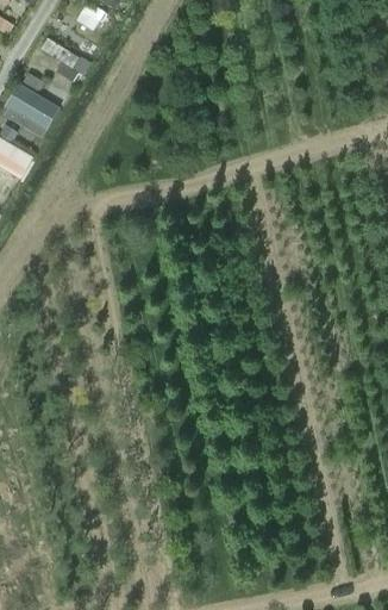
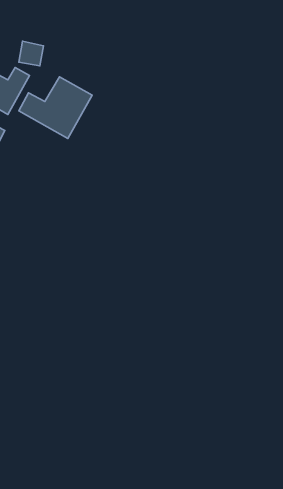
building: none -> [19,77,92,139]

